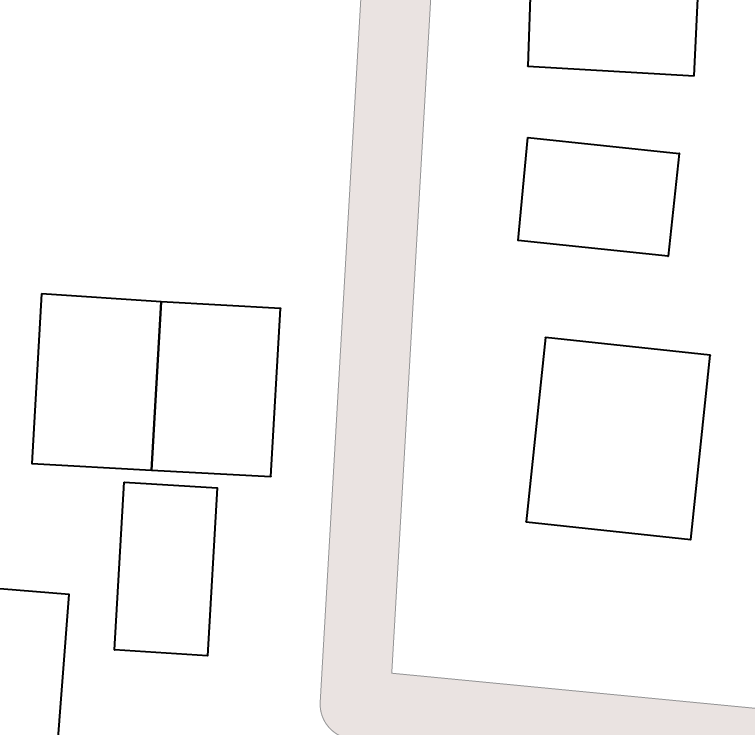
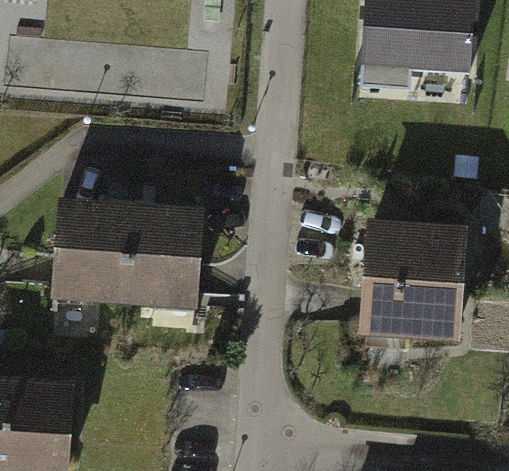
building: [518,138,679,256] -> none
building: [115,482,217,656] -> none

